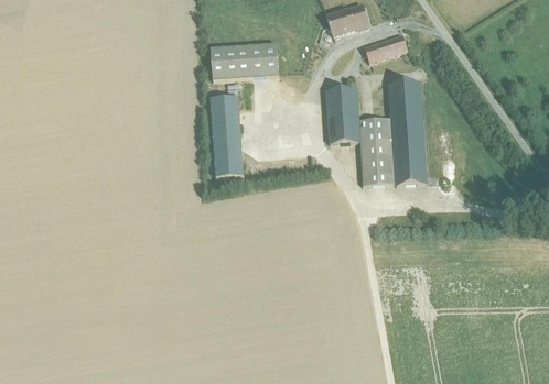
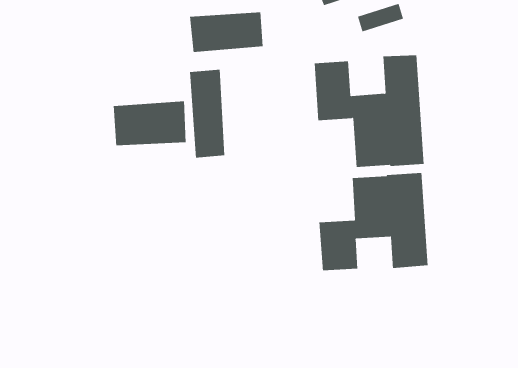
building: none -> [113,100,186,146]
building: none -> [319,172,428,271]

